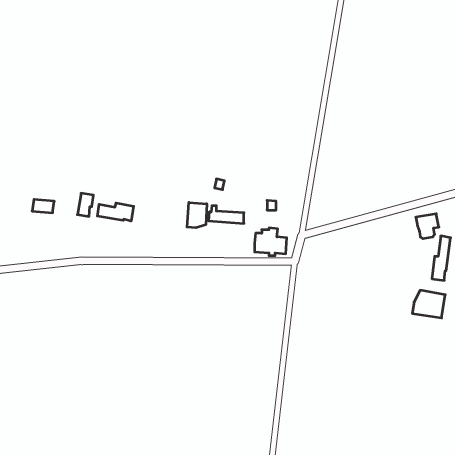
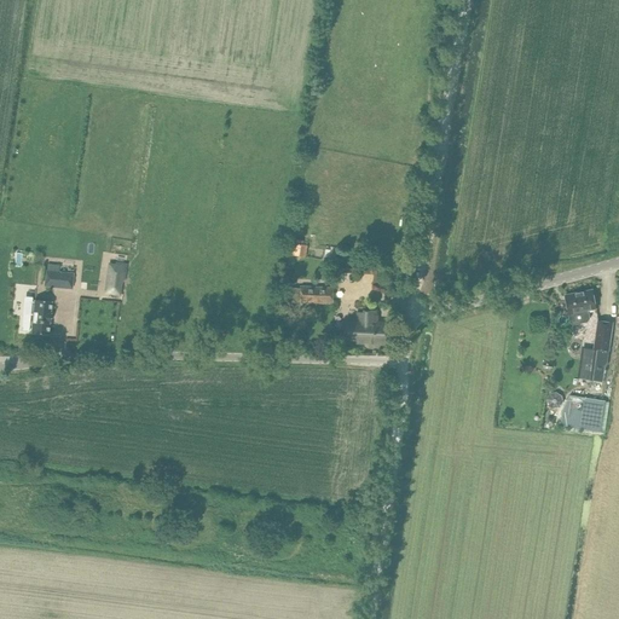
building: [187,202,207,228] -> none
building: [97,203,134,221] -> none
building: none -> [31,300,51,334]

